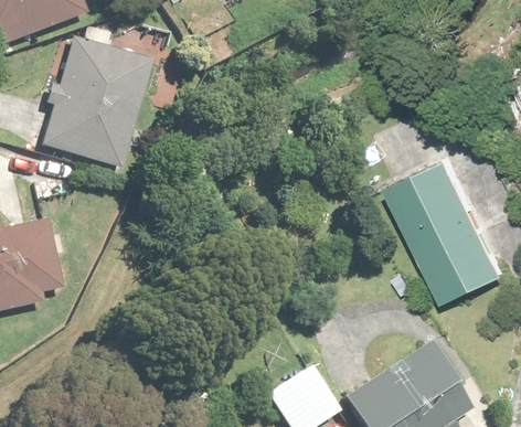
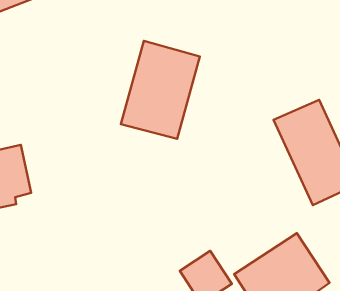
building: [42,39,150,167] -> none
building: none -> [121,41,200,139]

